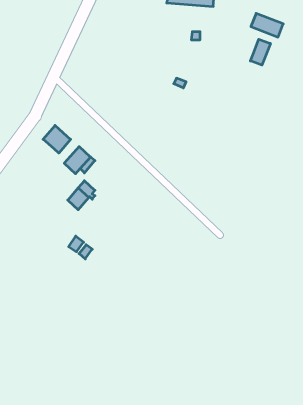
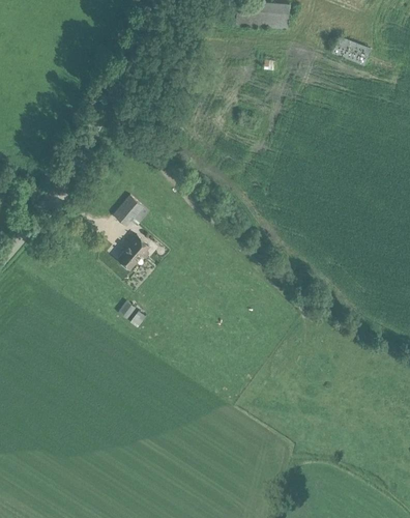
building: [250,39,270,65] -> none
building: [43,125,71,153] -> none

